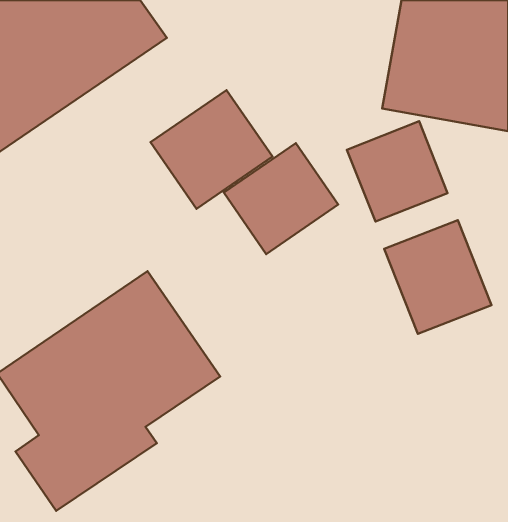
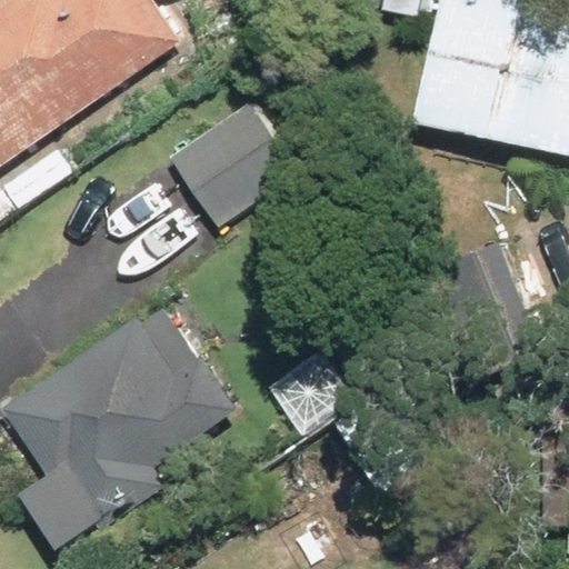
building: [347,121,448,222] -> none
building: [224,143,338,254] -> none

